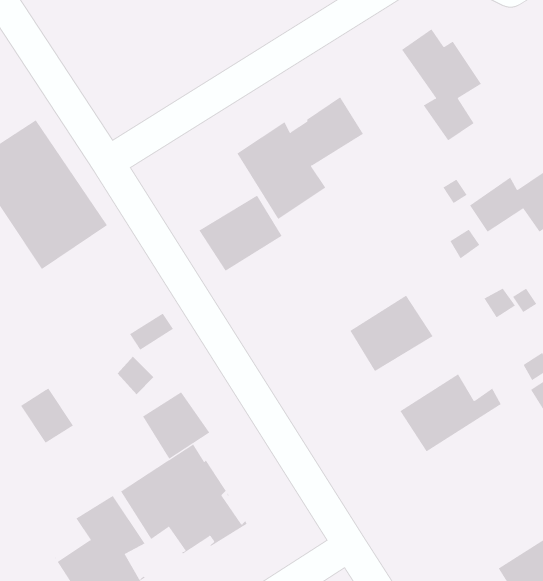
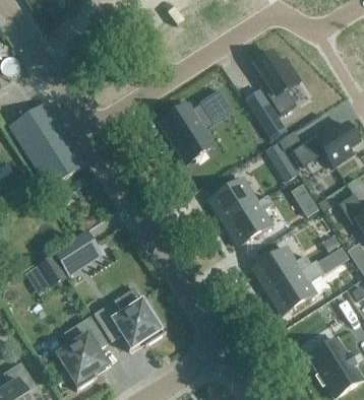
building: none -> [245,89,287,140]
building: [198,195,283,272] -> [209,179,257,222]
building: [142,391,210,459] -> [55,238,94,276]
building: none -> [268,261,324,315]

